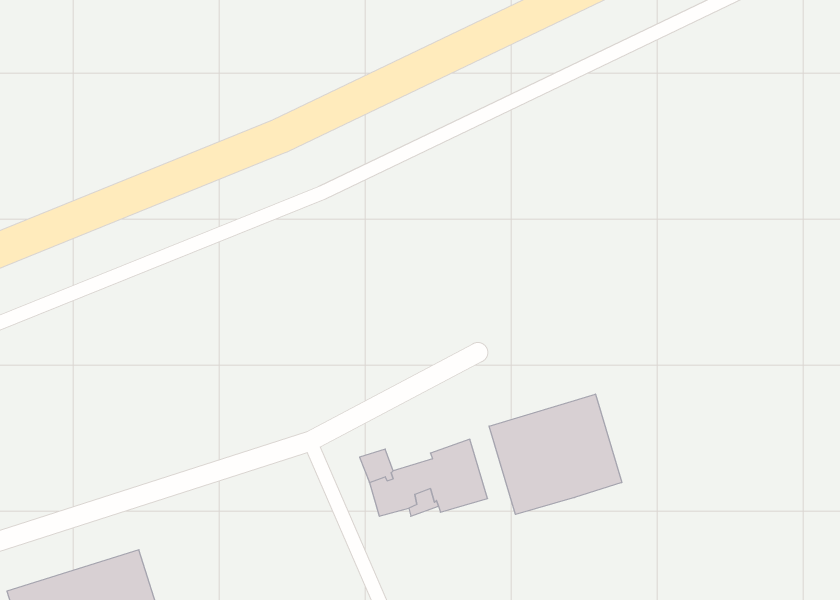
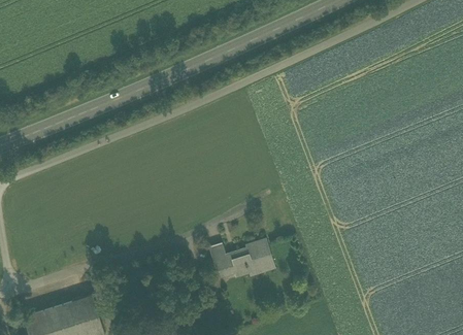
building: [489,394,622,514] -> none

